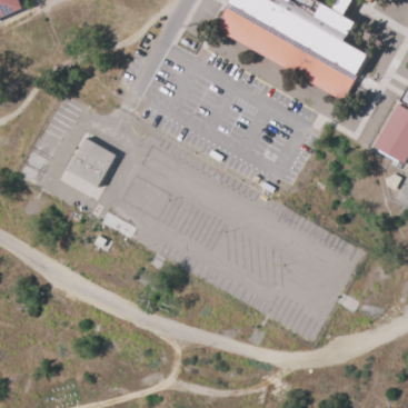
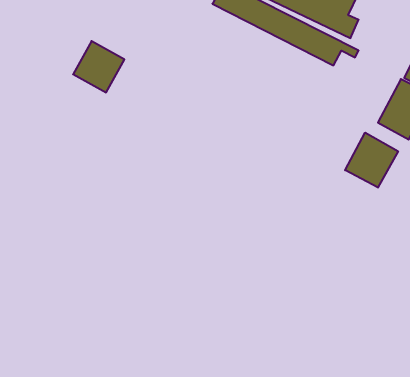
building: [67,138,117,188] -> [73,41,124,92]
building: none -> [345,133,398,188]

